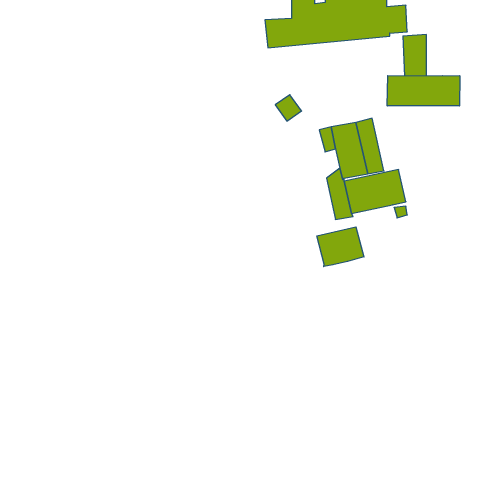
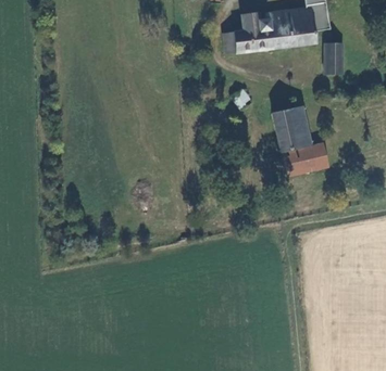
building: [387,76,460,106] -> none
building: [317,227,364,267] -> none

